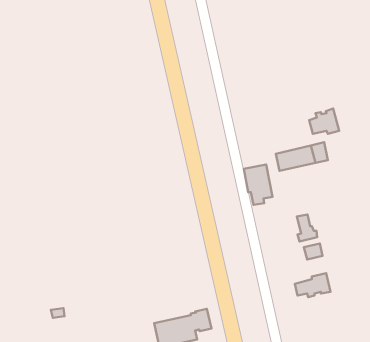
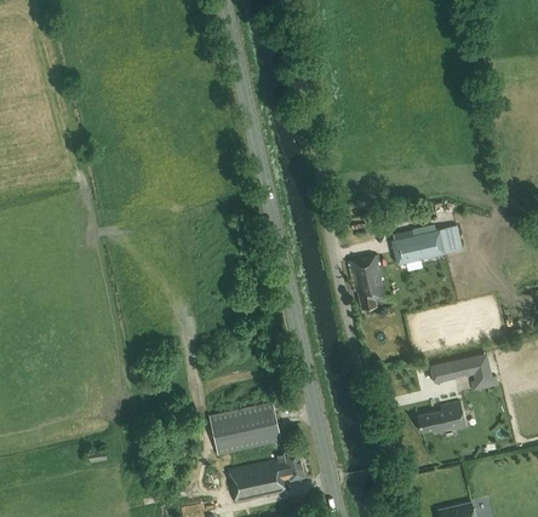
building: [309,108,339,134] -> none
building: [297,215,317,242] -> [469,355,497,391]
building: none -> [208,402,281,455]

